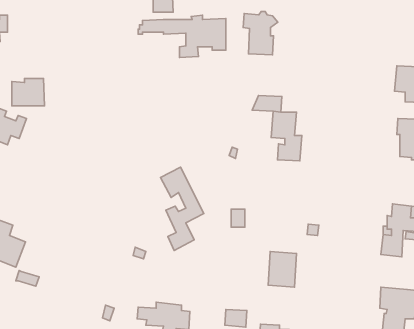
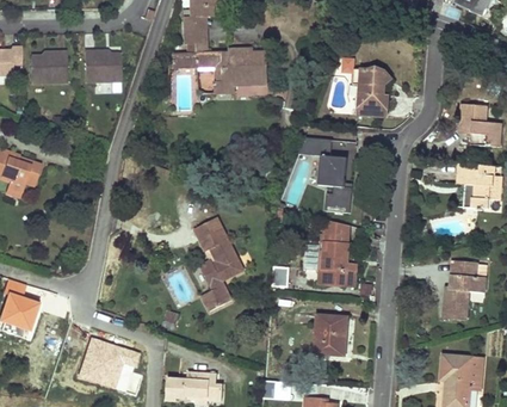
building: [243,12,278,55] -> [351,63,390,112]
building: none -> [82,50,119,81]
building: [12,78,45,106] -> [29,51,66,82]
building: none -> [321,218,355,284]
building: none -> [78,335,138,386]

